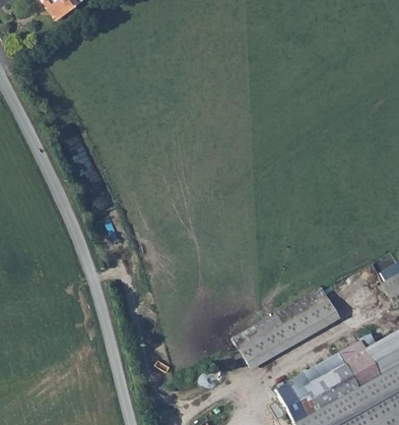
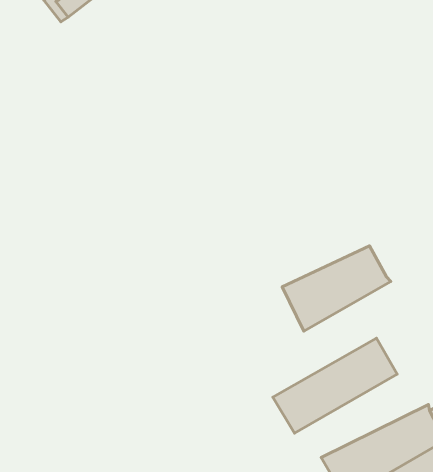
building: none -> [282,246,391,331]

